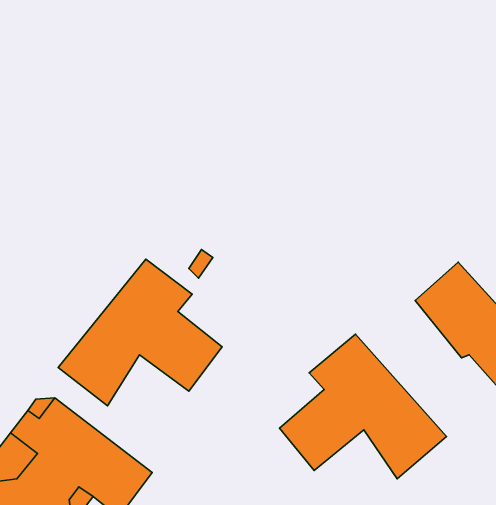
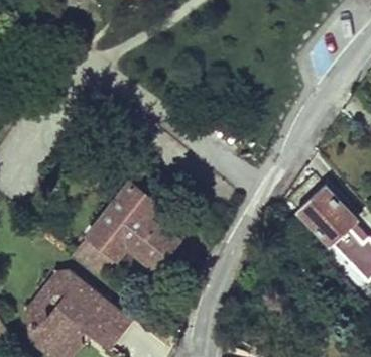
building: [279,334,447,479] -> none

